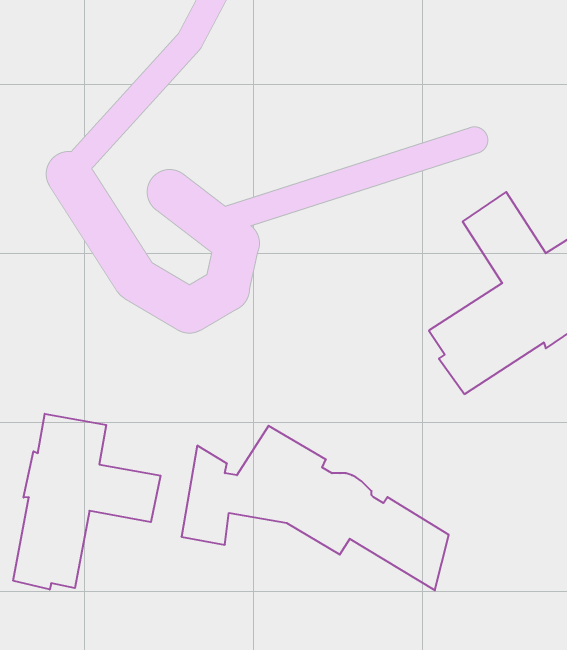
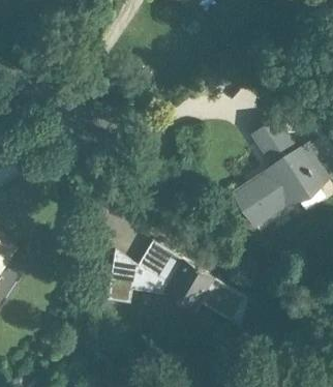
building: [13,414,161,590] -> none

